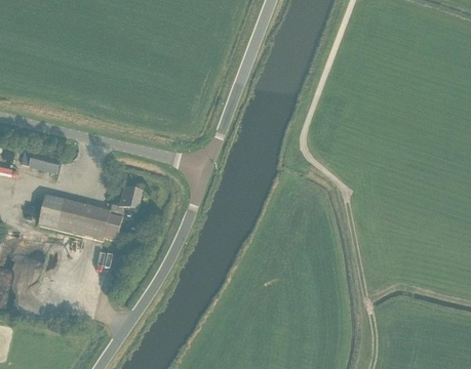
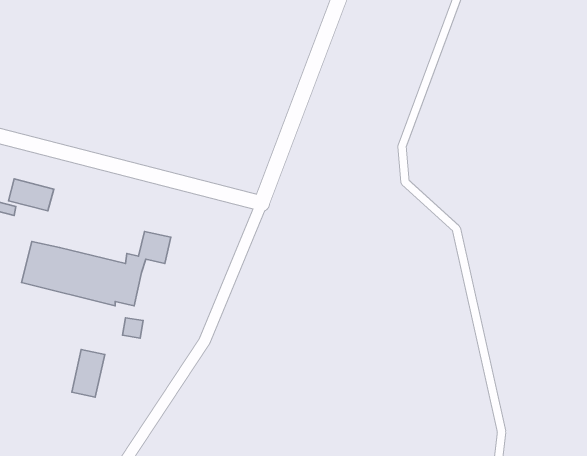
building: none -> [72,350,105,397]

